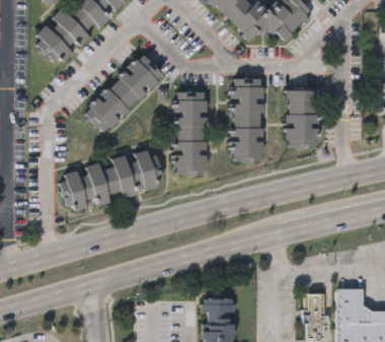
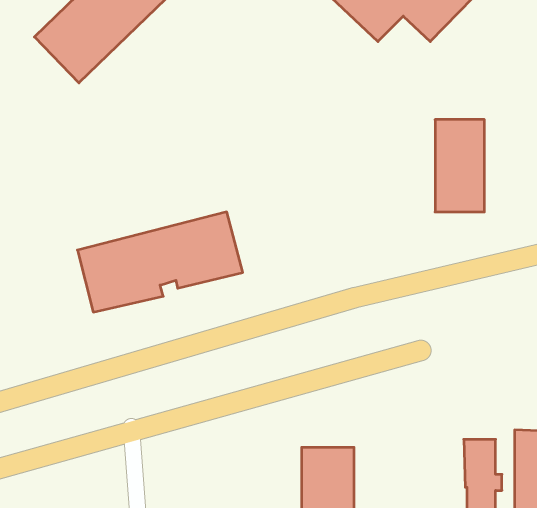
building: [81,52,164,134] -> none
building: [231,77,262,161] -> none
building: [174,90,207,175] -> none

